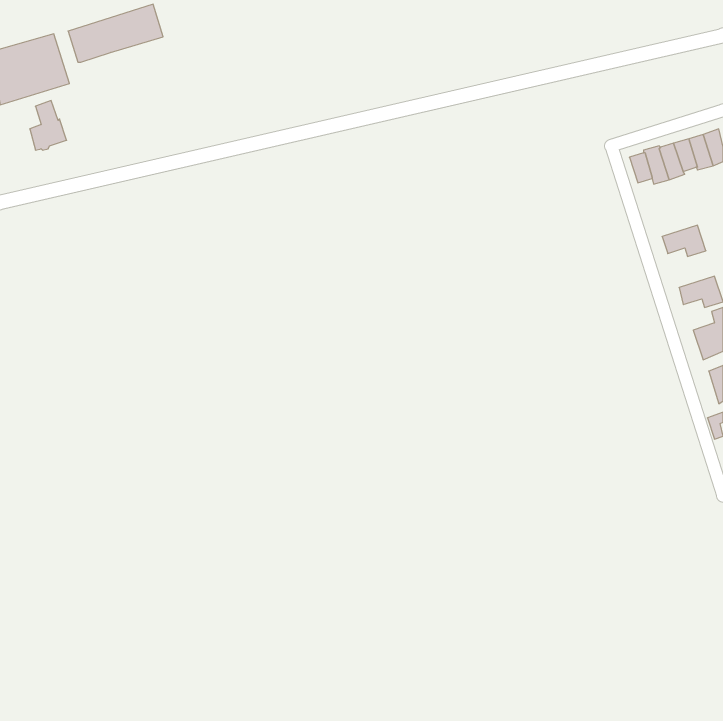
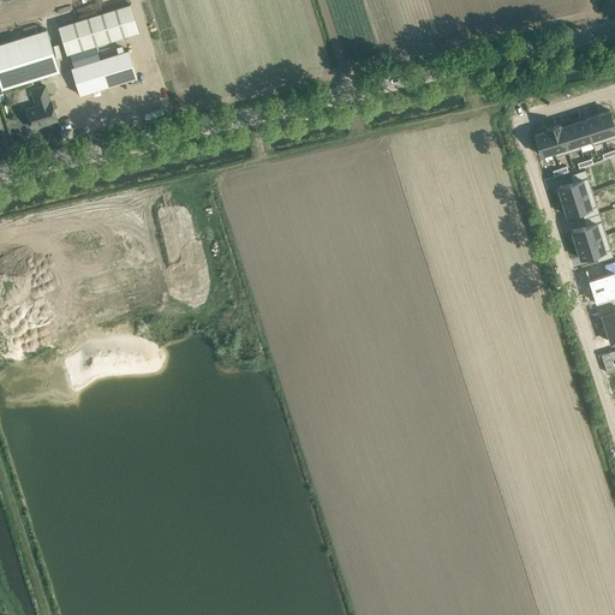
building: none -> [68,47,136,97]
building: none -> [556,172,591,203]
building: none -> [571,215,605,246]

